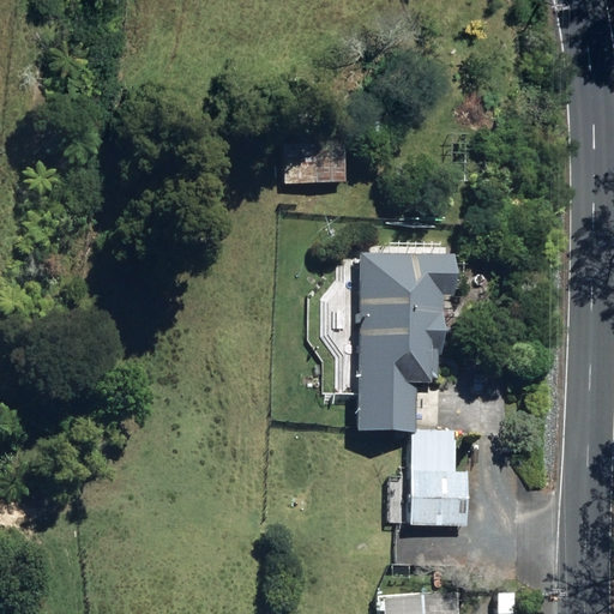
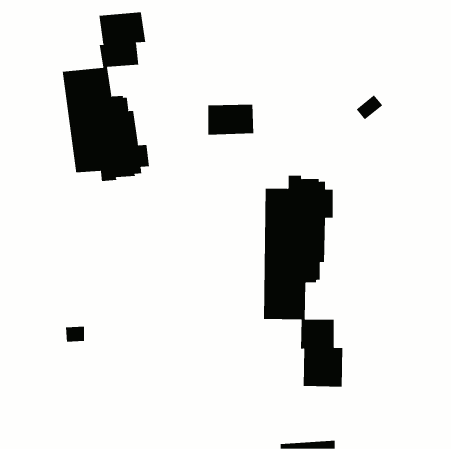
building: none -> [62,11,150,182]

